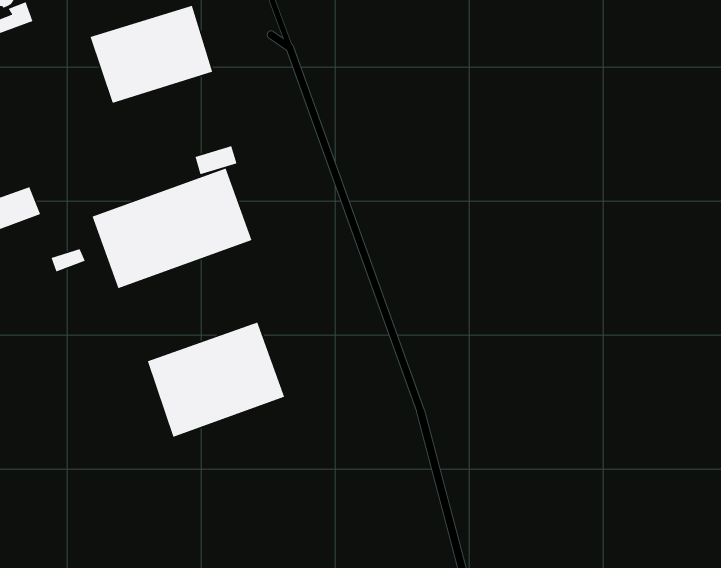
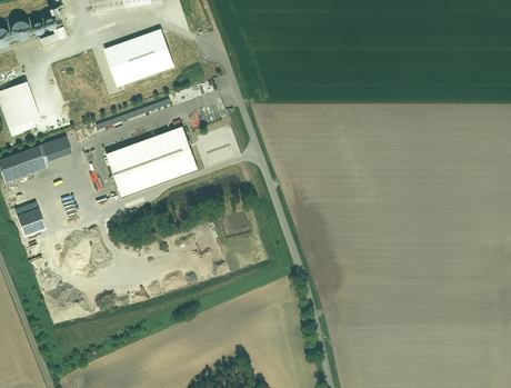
building: [147,322,285,438] -> none

